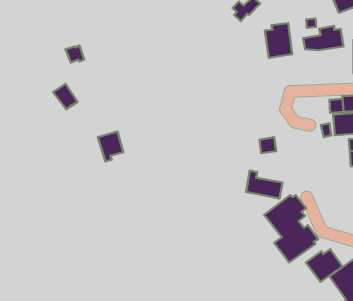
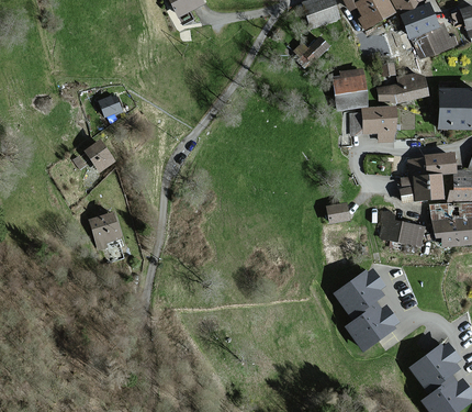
building: none -> [351,107,394,141]
building: [98,131,123,161] -> [92,213,122,248]
building: [246,170,282,198] -> [381,212,424,245]
building: [306,249,343,282] -> none

